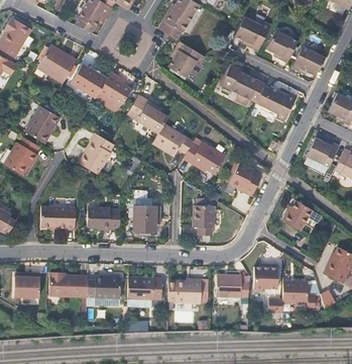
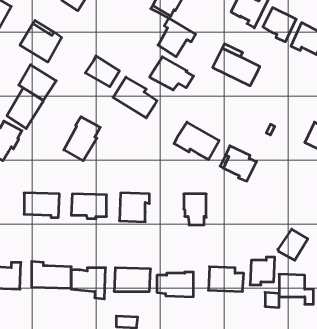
building: [73,65,108,98] -> [19,65,56,100]
building: [255,90,296,124] -> none
building: [152,123,194,155] -> [150,57,194,90]
building: [283,201,312,231] -> [278,229,308,260]

